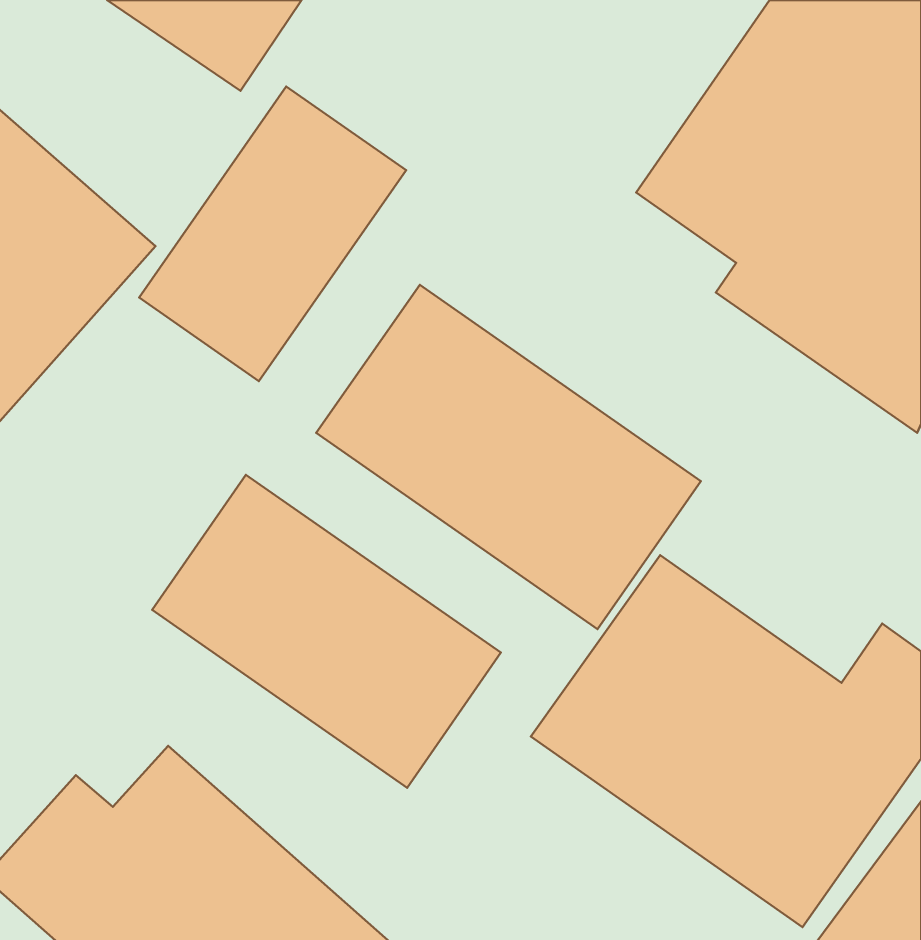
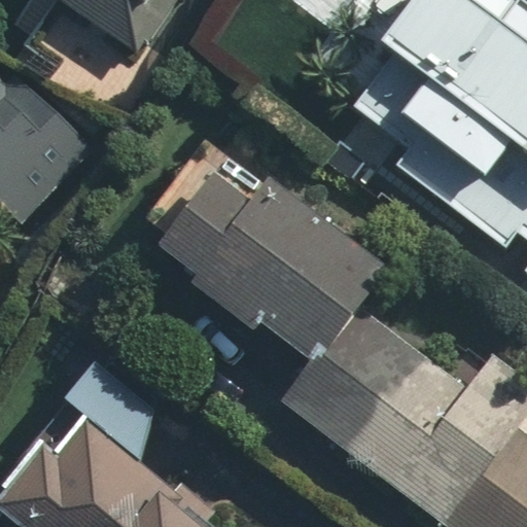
building: [139,87,406,381] -> none
building: [152,475,501,788] -> none

